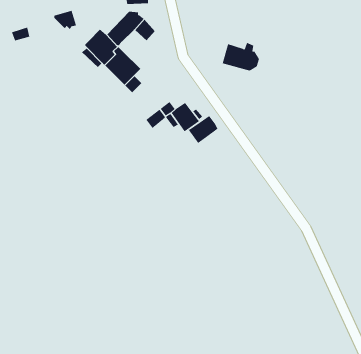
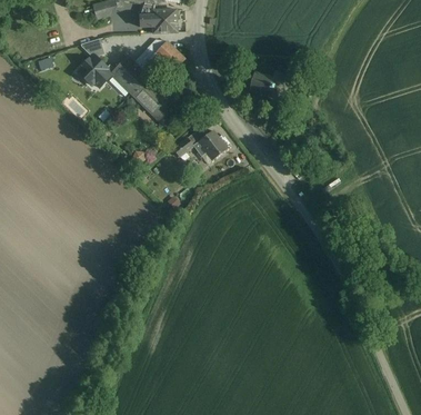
building: none -> [79,56,116,88]
building: [188,115,218,144] -> none

